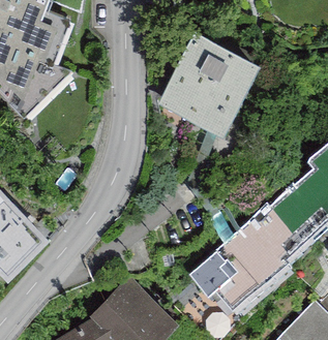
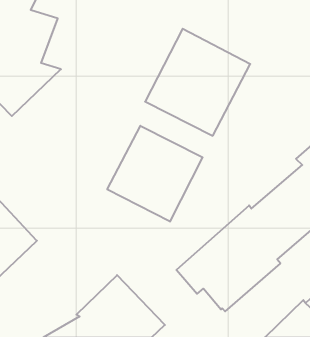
building: none -> [107,126,203,222]

